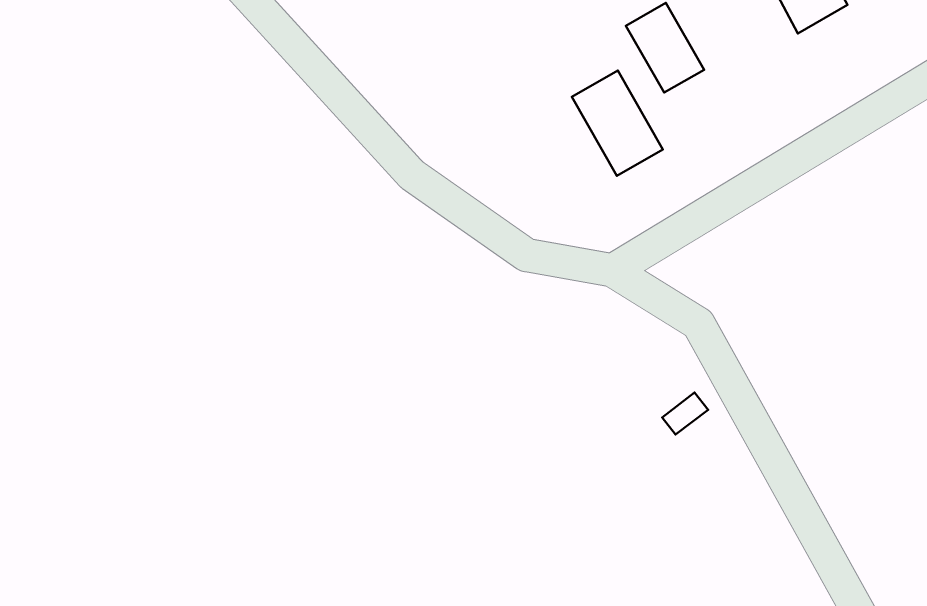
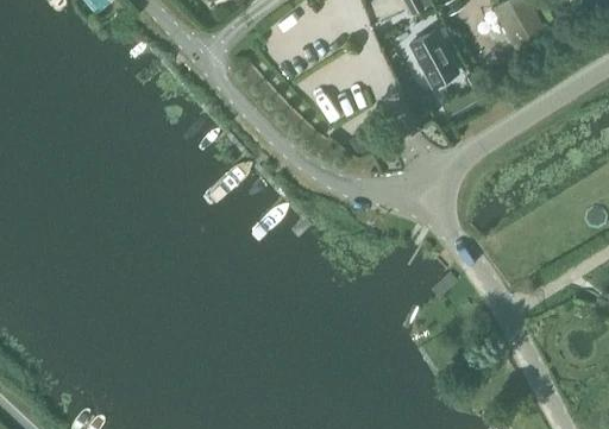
building: [572,71,663,176] -> none

